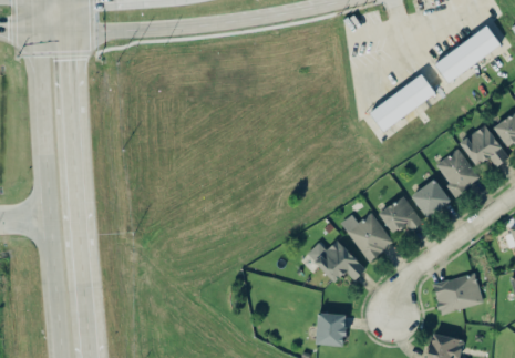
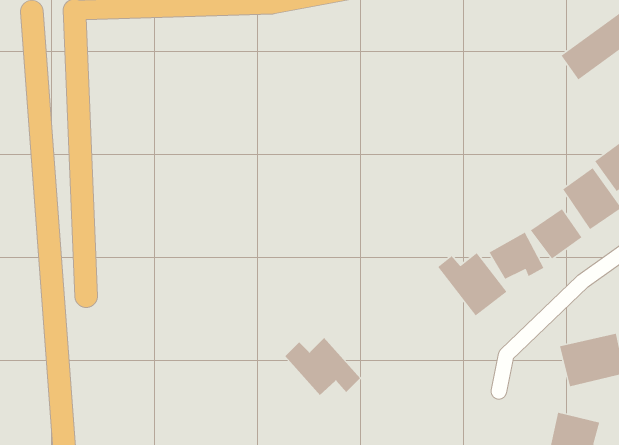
building: [370,73,435,131] -> none
building: [308,238,365,283] -> [284,337,361,396]
building: [316,313,347,346] -> none

